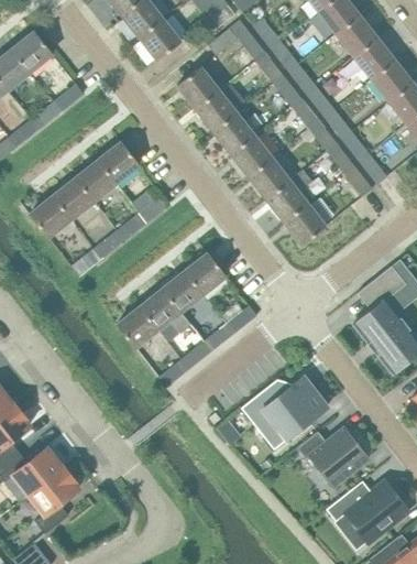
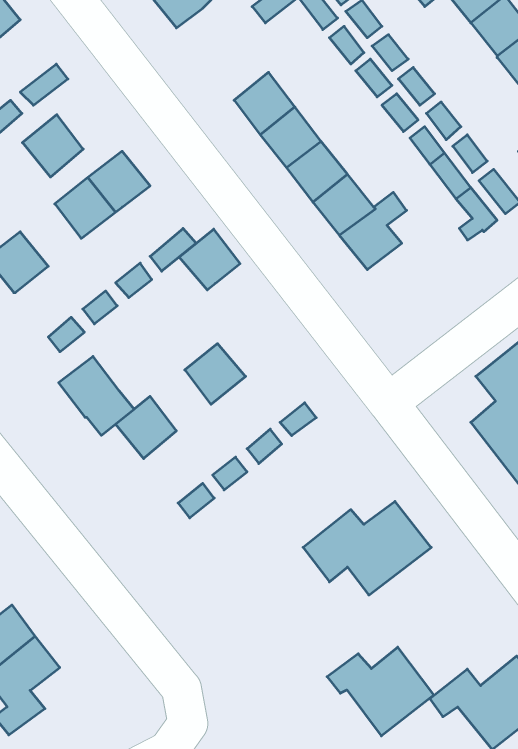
building: [177,67,219,108] -> none
building: [53,177,94,219] -> [22,115,83,177]
building: [285,204,326,245] -> none
building: [185,252,226,293] -> [179,229,240,290]
building: [140,289,190,341] -> [59,356,134,435]
building: [297,427,369,487] -> [327,647,434,736]

